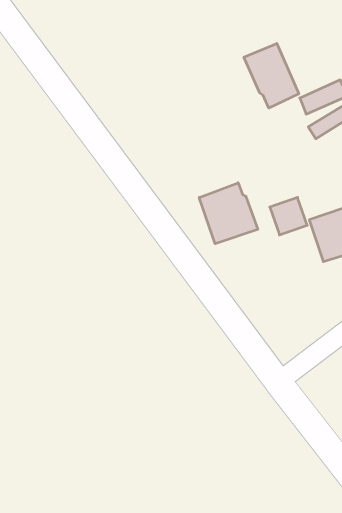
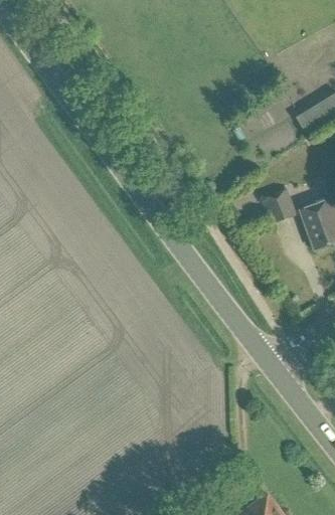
building: [244,43,299,108] -> none
building: [199,183,258,244] -> none

